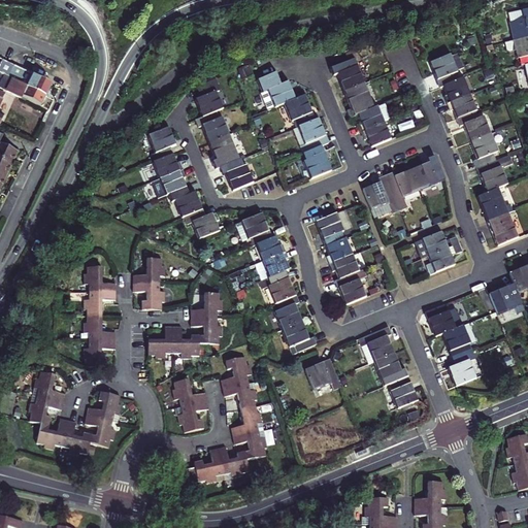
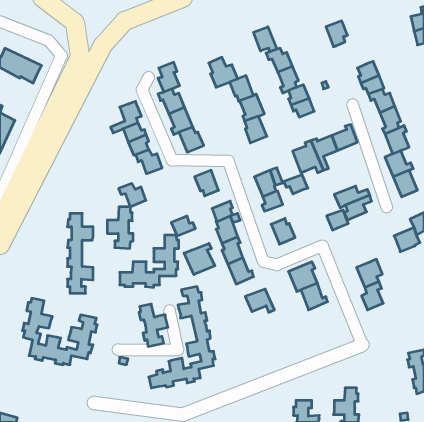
building: none -> [254,27,277,52]
building: [431,54,458,86] -> [326,21,348,47]
building: [185,208,219,237] -> [119,184,146,207]
building: [256,234,286,259] -> [171,216,195,236]
building: [328,254,358,277] -> [284,175,308,194]
building: none -> [184,243,215,275]
building: [428,310,455,335] -> [327,210,348,230]
building: [386,374,417,409] -> none

